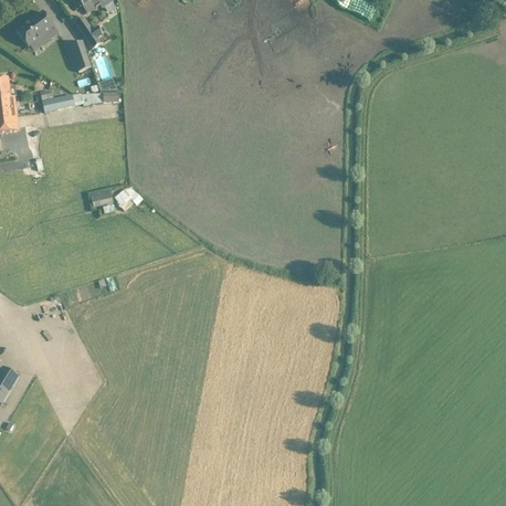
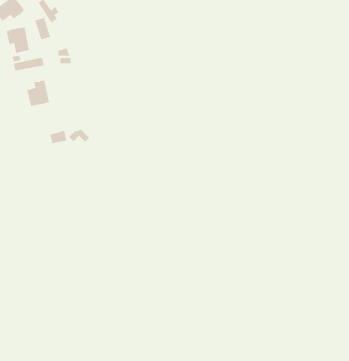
building: none -> [6,26,30,54]
building: none -> [27,80,50,107]

